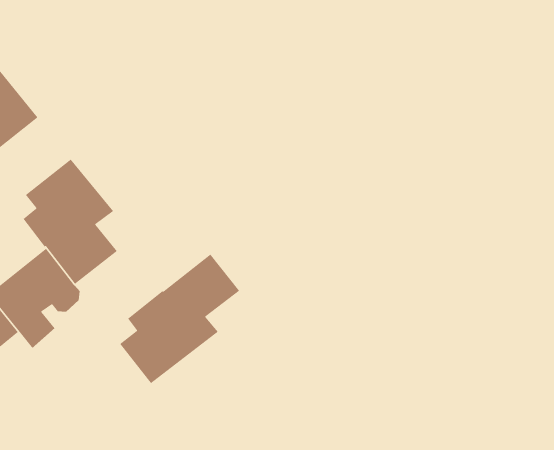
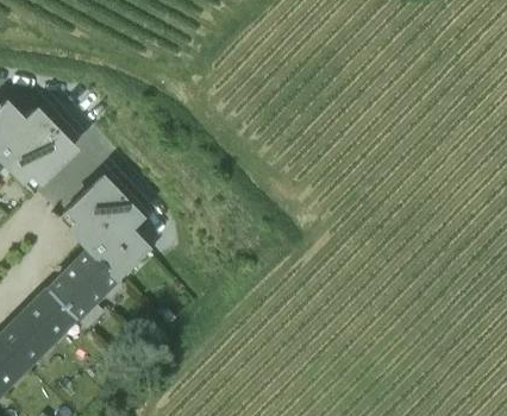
building: [119,253,240,384] -> none

